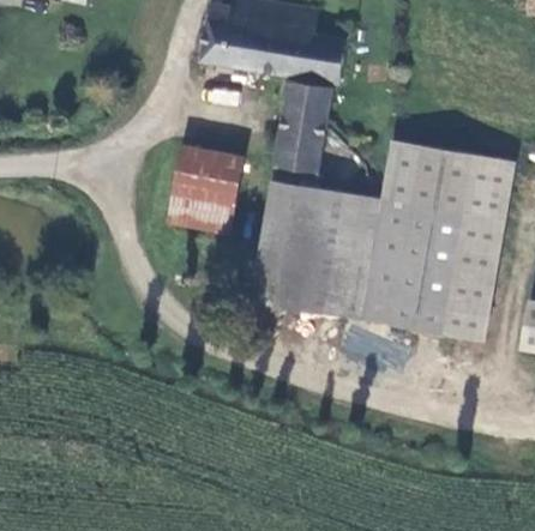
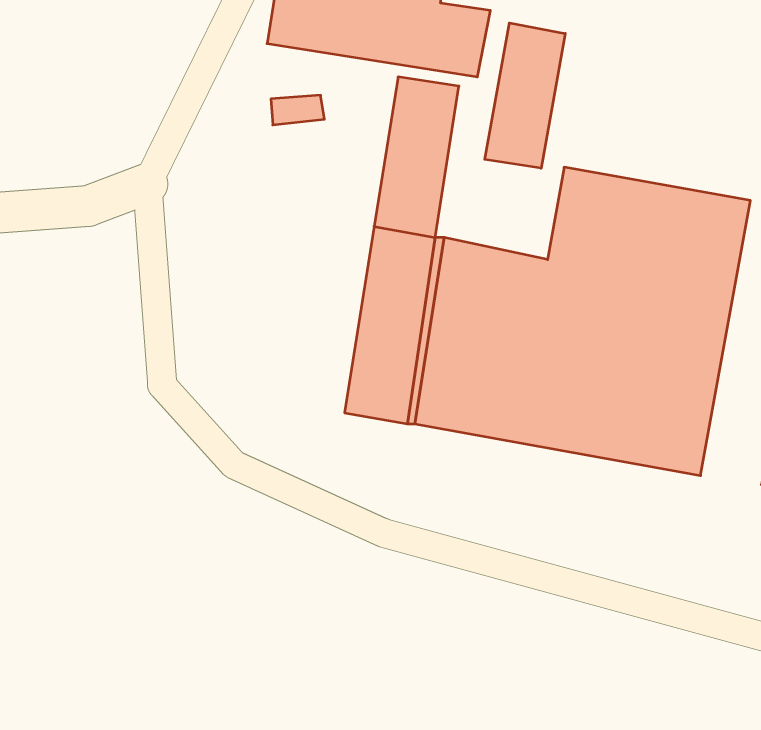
building: none -> [485,23,565,168]
building: [163,146,240,235] -> none

